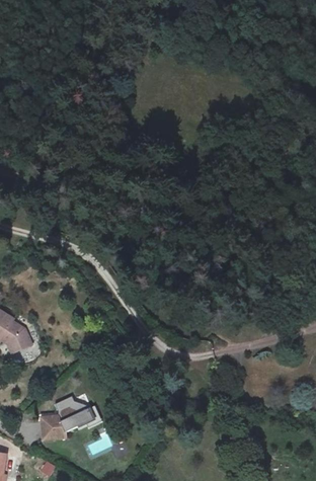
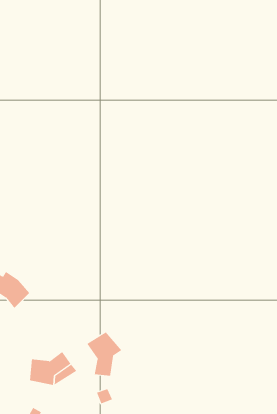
building: none -> [86,331,122,376]

